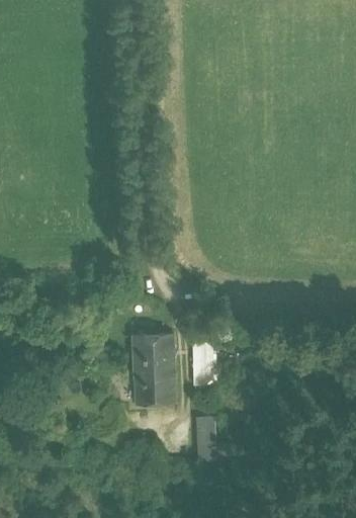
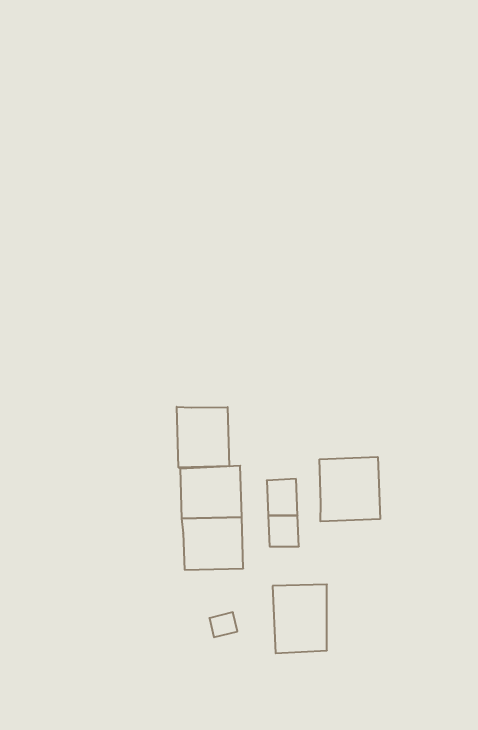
building: none -> [177,407,229,468]
building: none -> [320,457,380,521]

